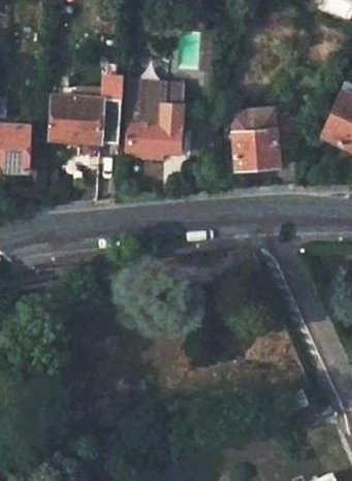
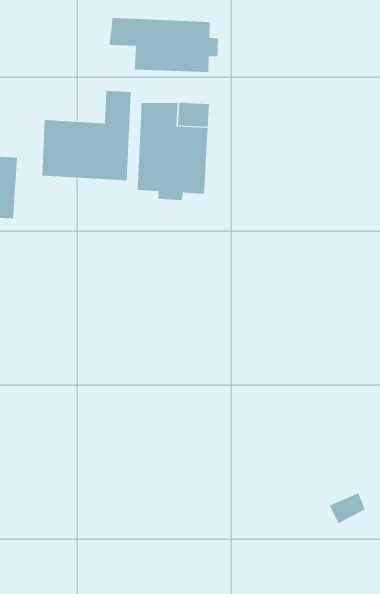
building: none -> [109,17,219,73]
building: [233,108,297,171] -> none

